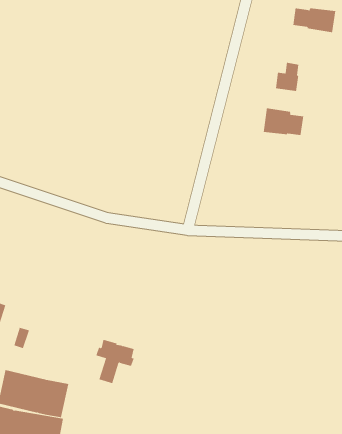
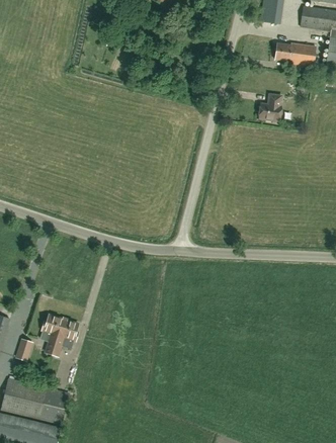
building: [263,107,304,136] -> none
building: [95,339,135,384] -> [40,315,77,356]

